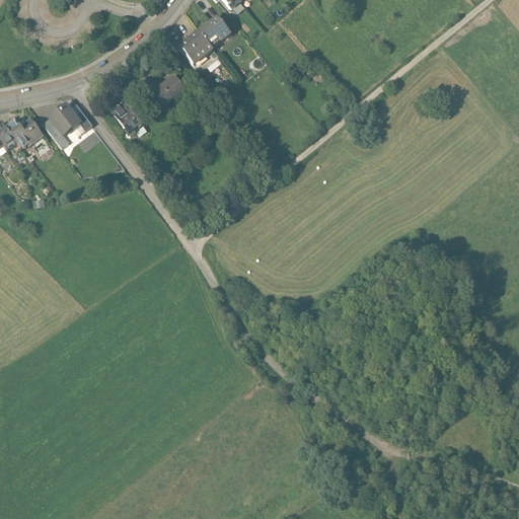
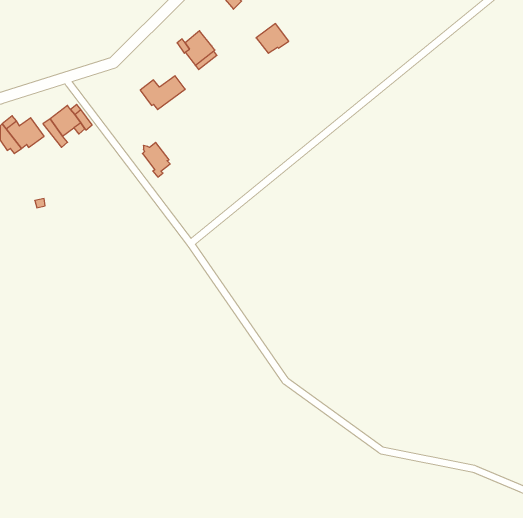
building: [198,16,230,46] -> [256,24,289,53]
building: [114,101,141,136] -> [142,142,170,177]

